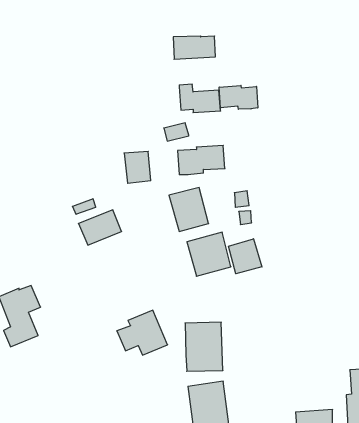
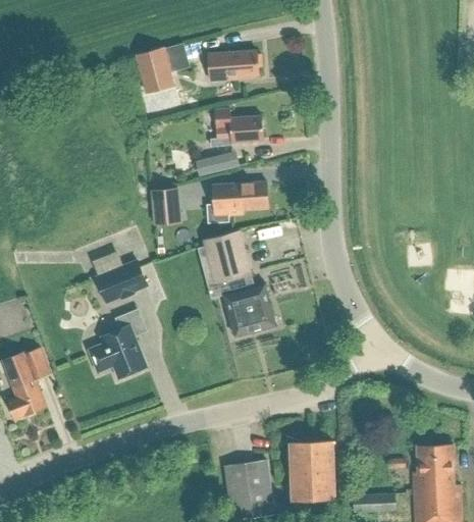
building: none -> [138,44,187,94]
building: [219,85,258,109] -> none
building: [228,239,262,274] -> none
building: [117,310,168,355] -> [87,323,147,376]
building: [185,322,223,371] -> [289,442,334,501]

